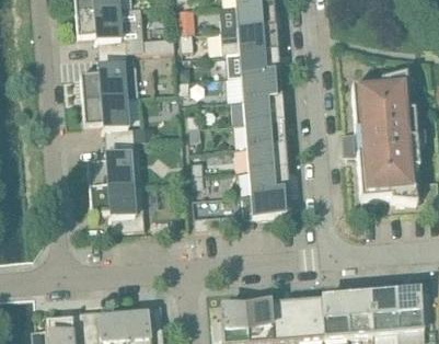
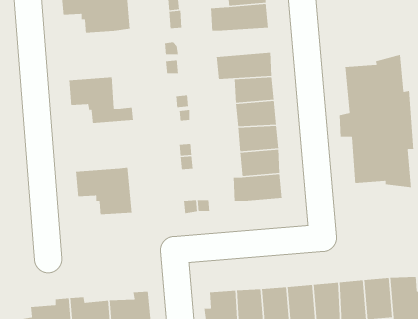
building: [227,48,279,76] -> none
building: [80,51,136,99] -> none
building: [86,139,135,187] -> none

